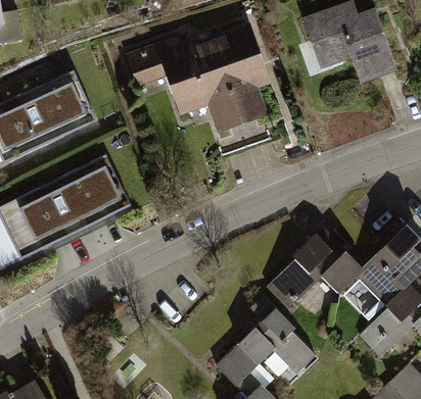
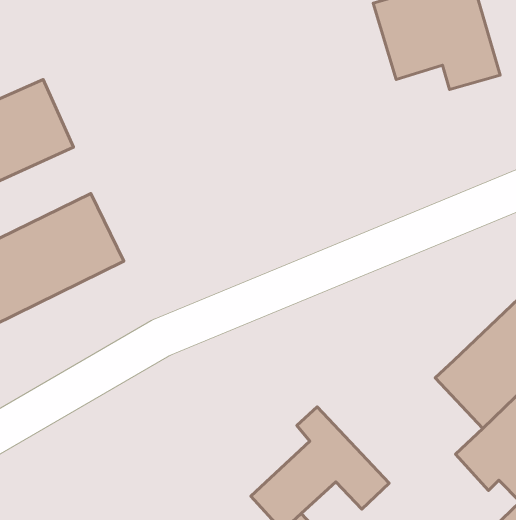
building: [126,27,268,132] -> none
building: [264,238,362,315] -> none

